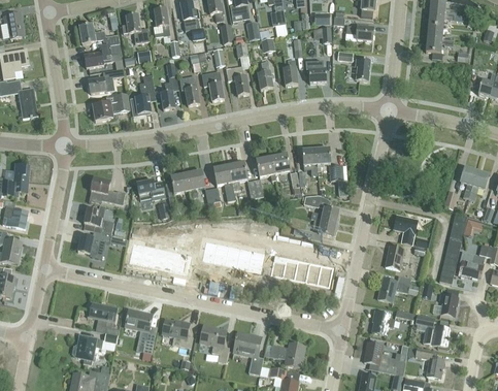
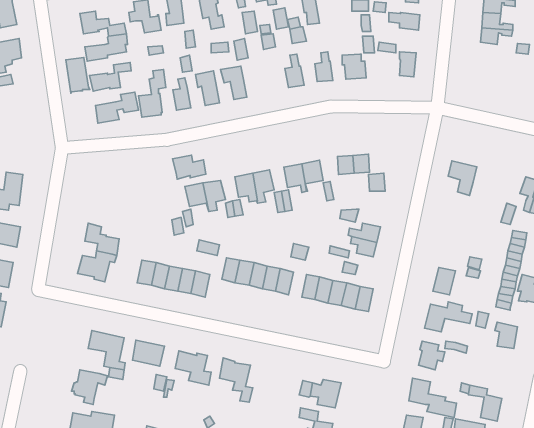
building: [226,65,250,95] -> none
building: [18,88,38,119] -> [66,57,90,93]
building: [91,177,125,204] -> none
building: [136,180,165,200] -> [172,155,206,179]
building: [393,215,418,245] -> [448,161,477,195]
building: [416,314,451,350] -> none
building: [233,332,263,374] -> none

